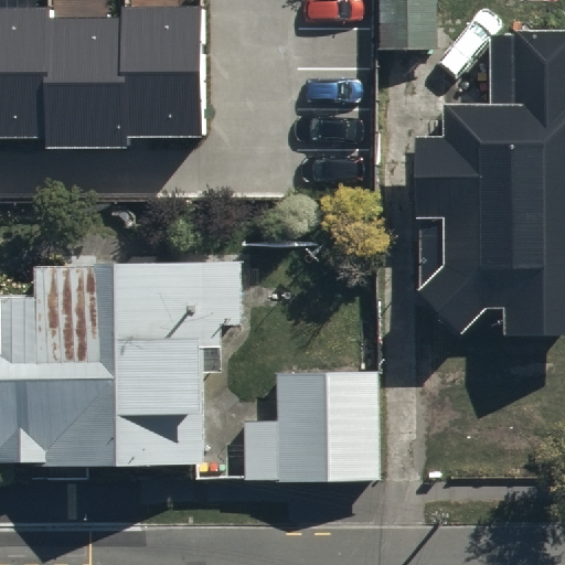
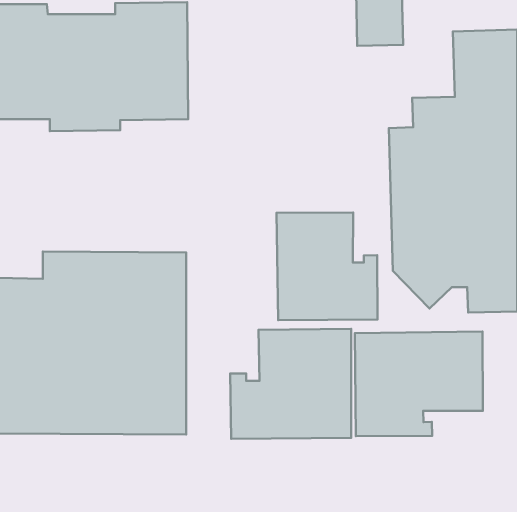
building: none -> [276,212,377,320]
building: none -> [355,331,483,436]

